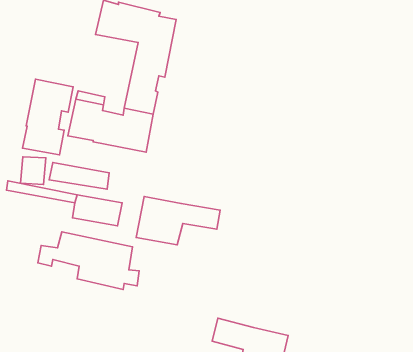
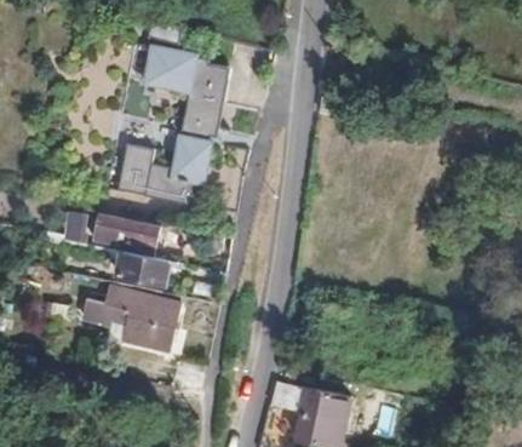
building: [23,79,73,155] -> none
building: [136,197,220,245] -> none

